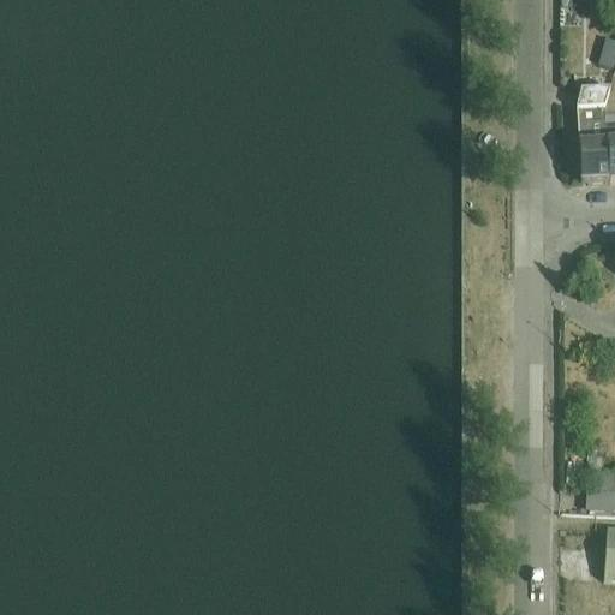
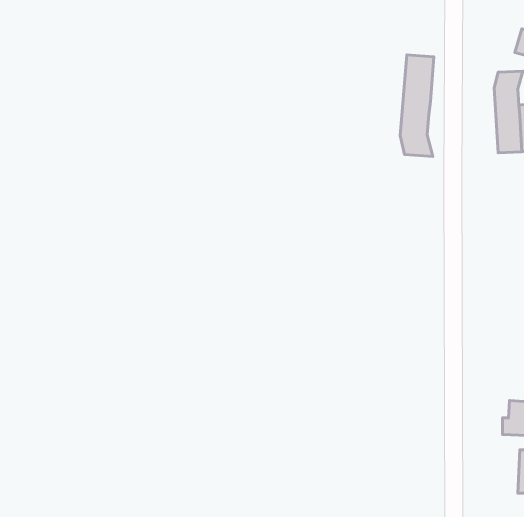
building: none -> [400,55,434,157]

